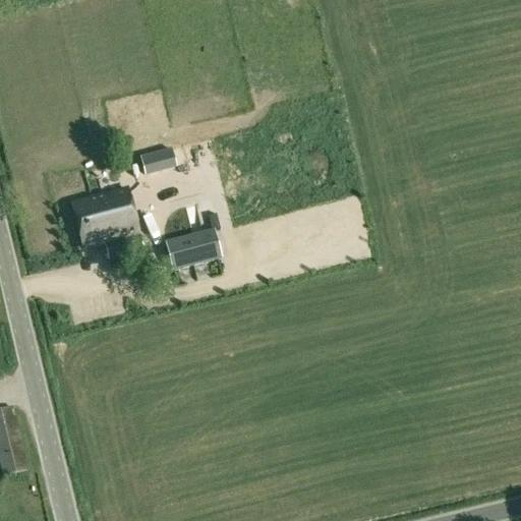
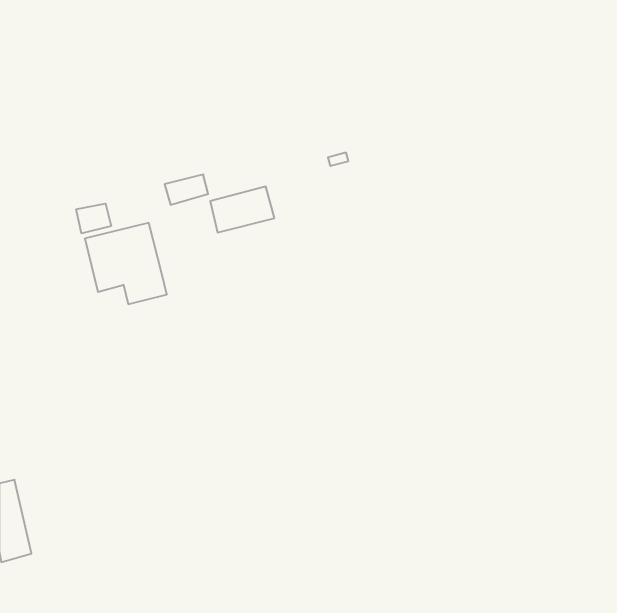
building: none -> [76,204,111,233]
building: [166,229,220,268] -> [210,187,274,233]

